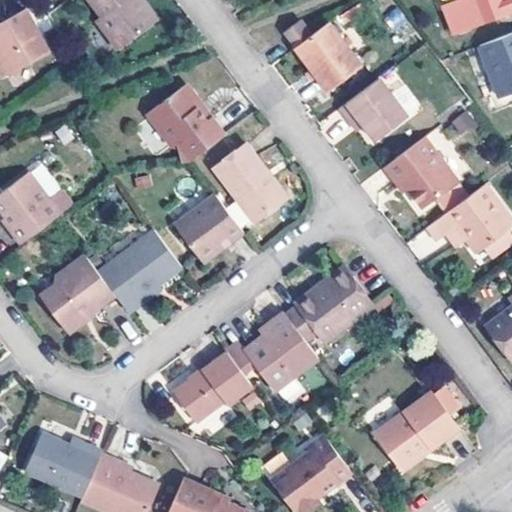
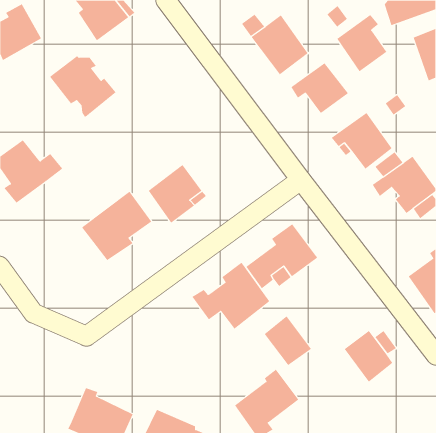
building: none -> [337,14,387,72]
building: [144,90,223,162] -> [49,55,117,117]
building: [213,144,281,219] -> none
building: [40,254,112,332] -> none
building: [173,352,248,420] -> none
building: [375,413,431,472] -> [264,315,312,366]
building: [25,433,103,498] -> none

